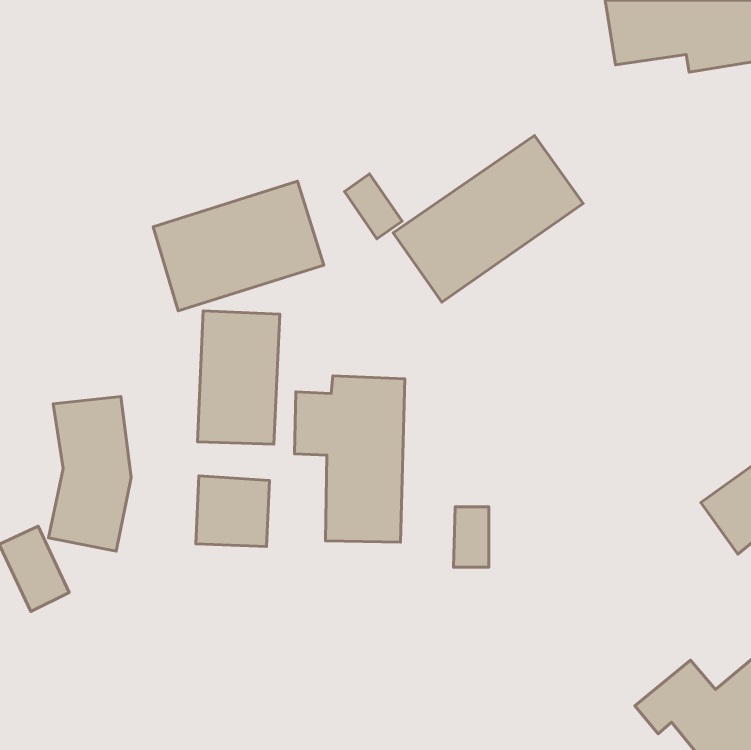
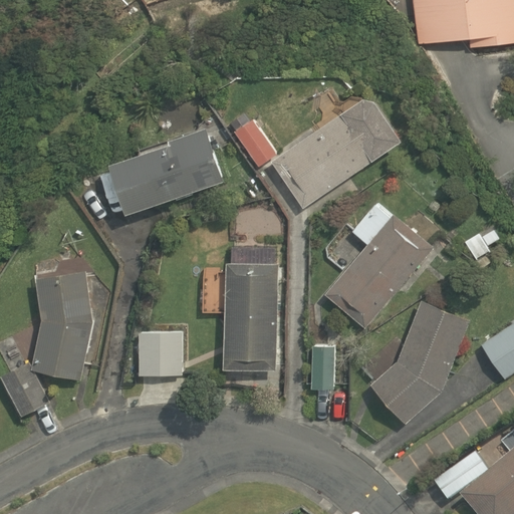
building: none -> [323,195,429,331]
building: [198,311,280,444] -> none
building: none -> [372,302,470,426]

